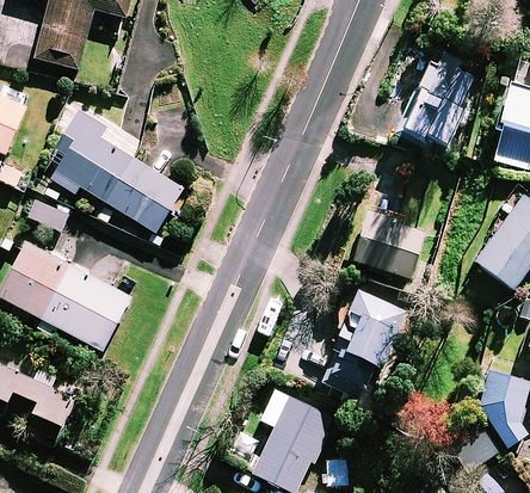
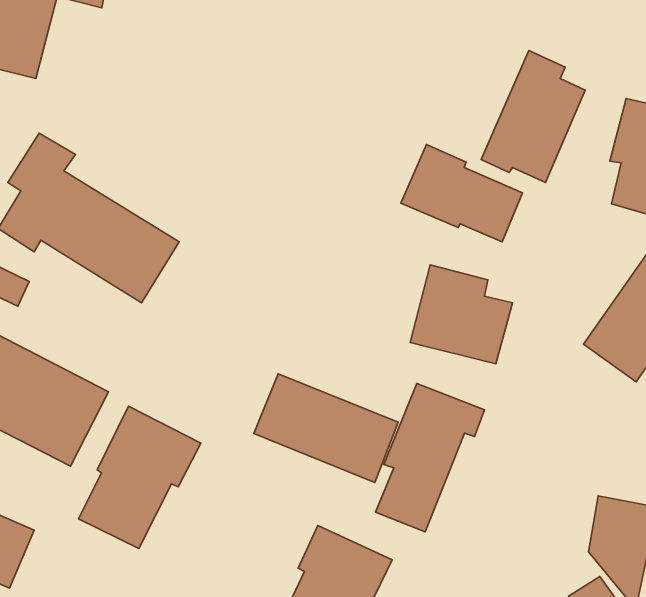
building: none -> [401,144,523,242]
building: none -> [254,374,398,483]
building: none -> [78,406,201,549]

